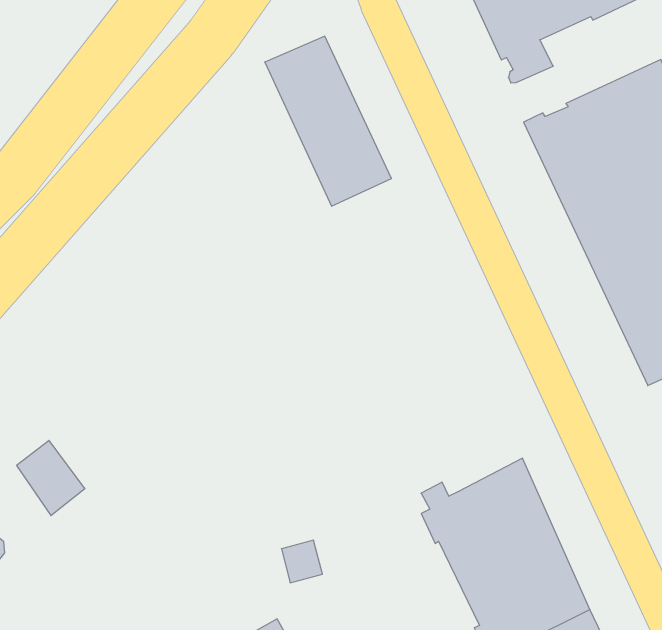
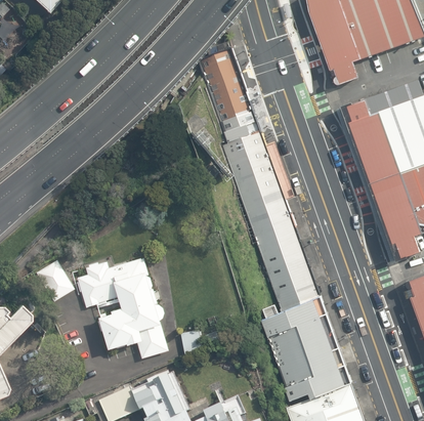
building: none -> [222,131,321,309]
building: none -> [78,257,168,357]

